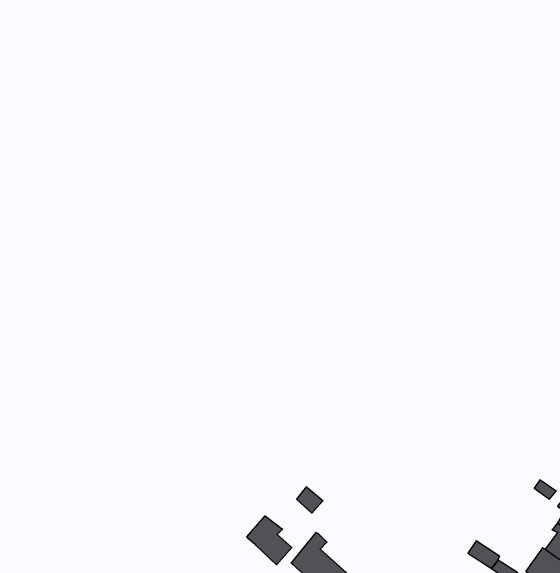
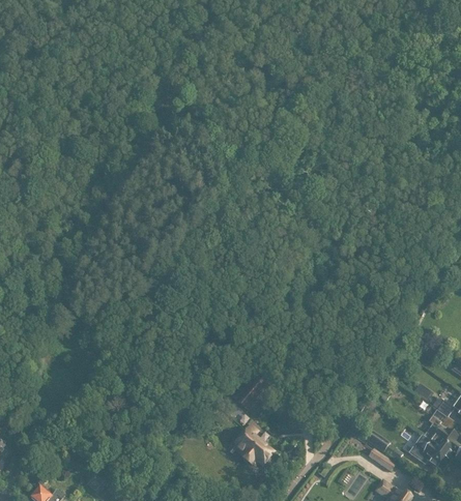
building: [247,516,292,565] -> none

